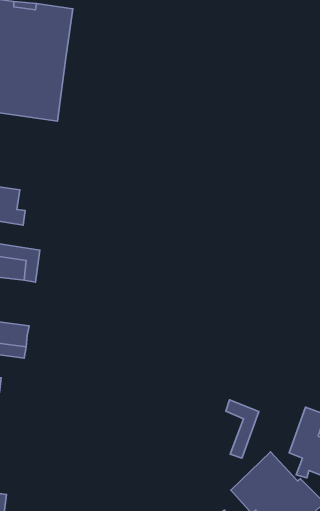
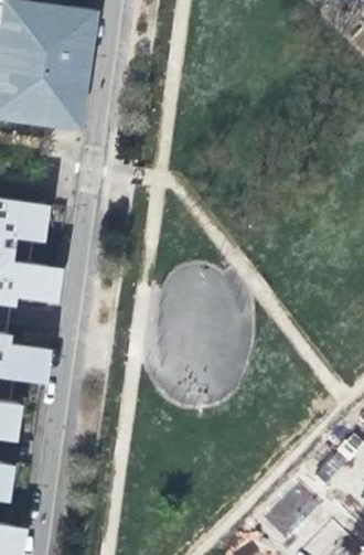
building: [226,400,259,458] -> none

